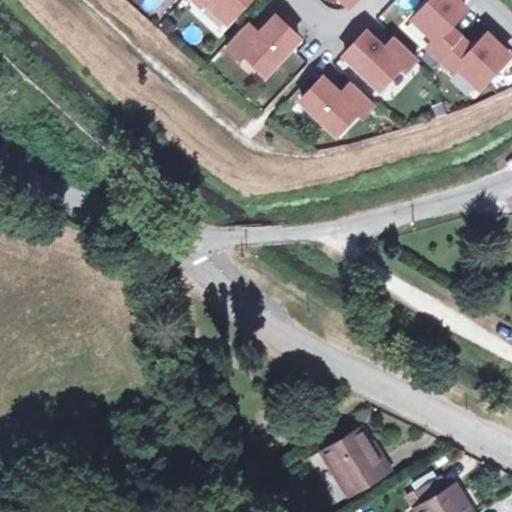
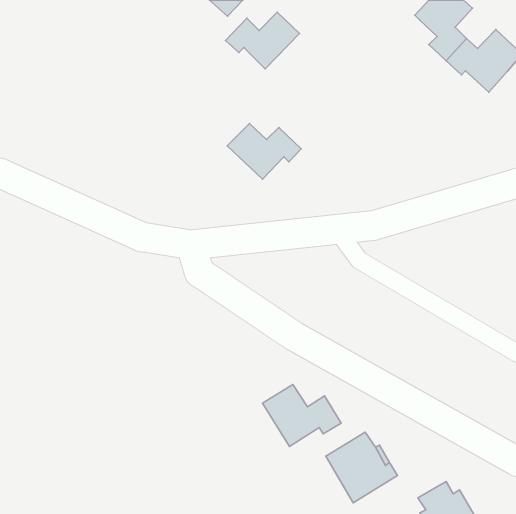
building: [342,31,415,87] -> none
building: [299,77,372,132] -> [227,123,301,179]
building: none -> [262,384,341,447]

